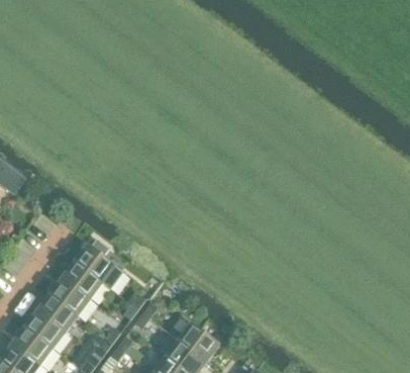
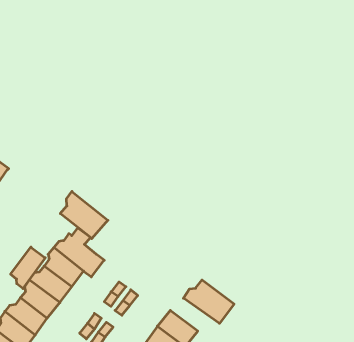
building: none -> [60,191,108,239]
building: none -> [11,247,45,289]
building: none -> [183,280,234,323]

